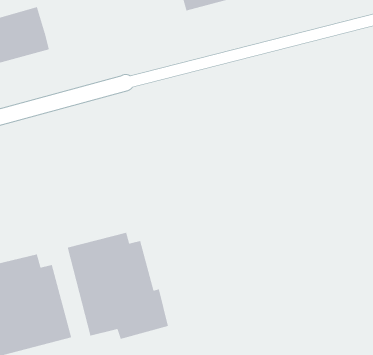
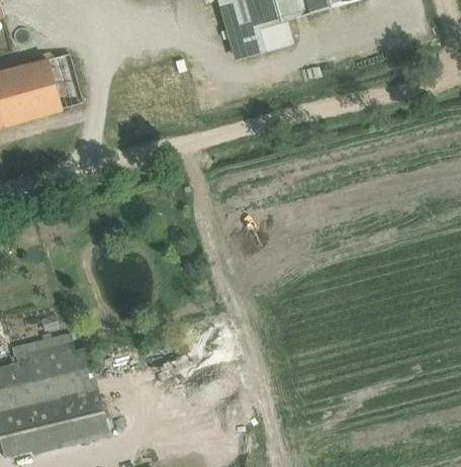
building: [67,232,169,340] -> none

